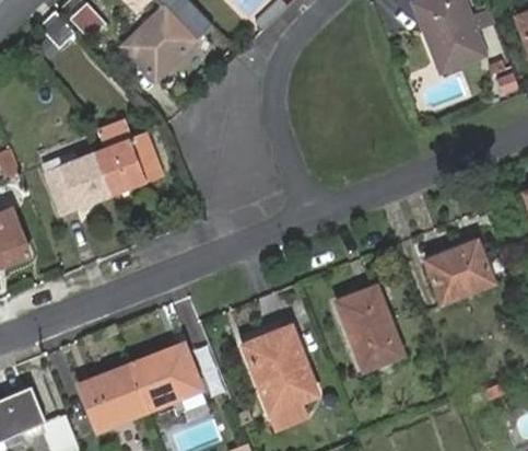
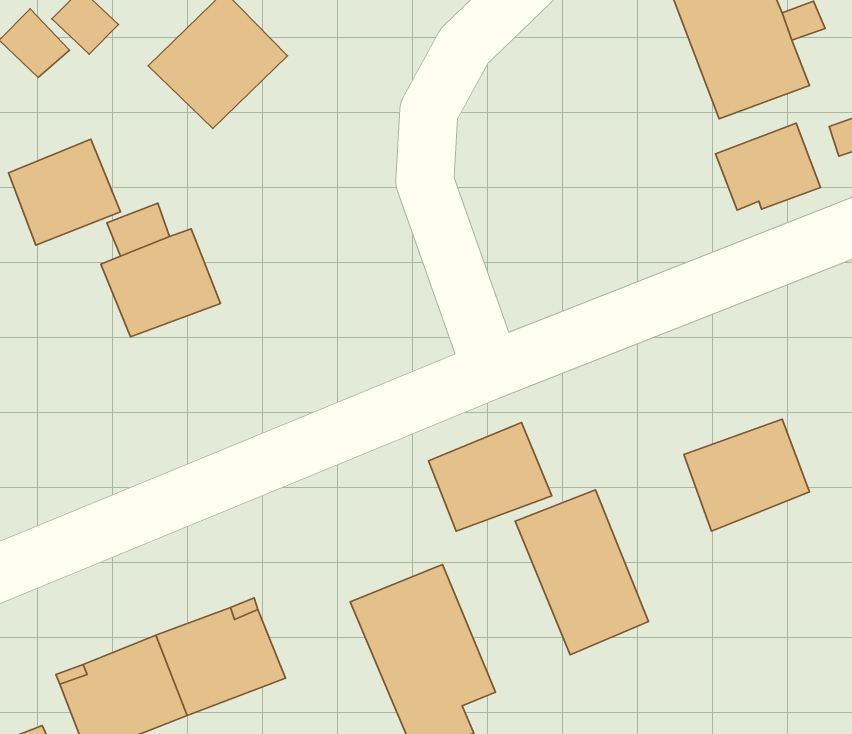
building: none -> [716,123,821,210]
building: [51,154,114,213] -> [9,139,120,245]
building: none -> [429,423,552,531]

